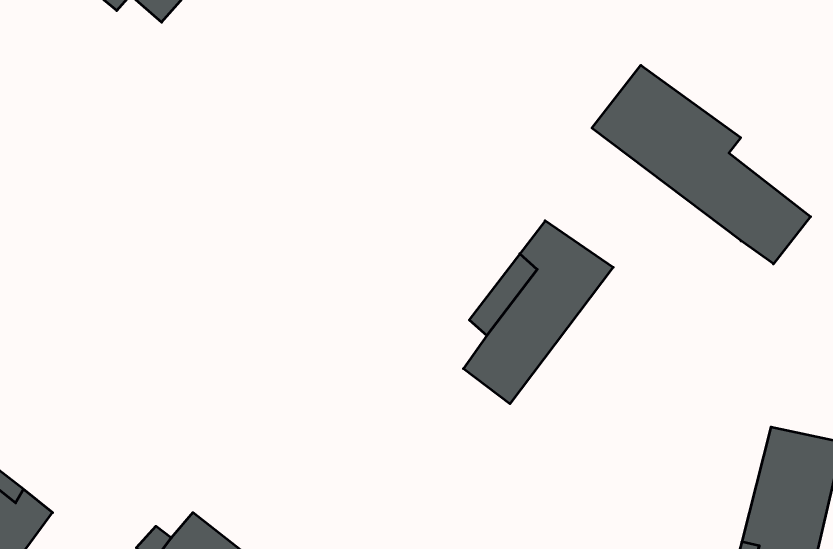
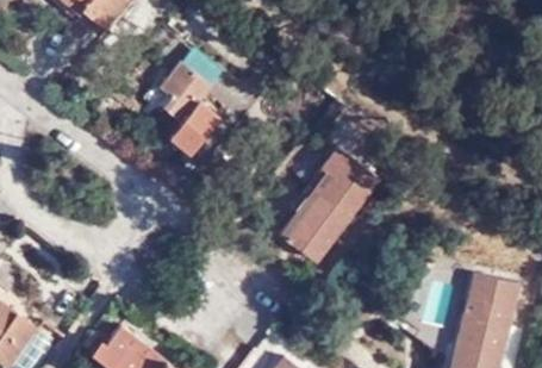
building: [592,65,811,264] -> none
building: none -> [160,62,219,139]

